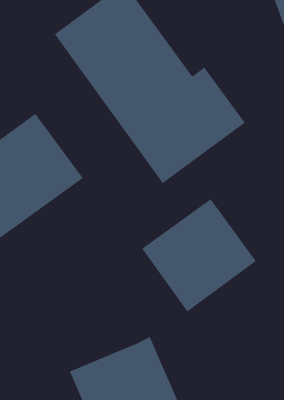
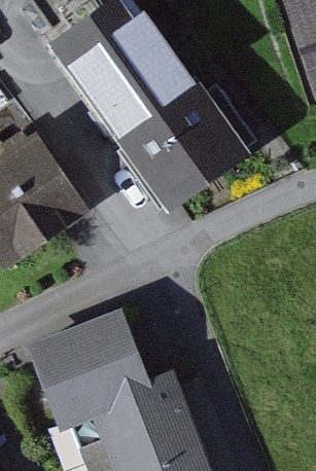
building: [141,198,257,312] -> none
building: none -> [21,299,146,409]

